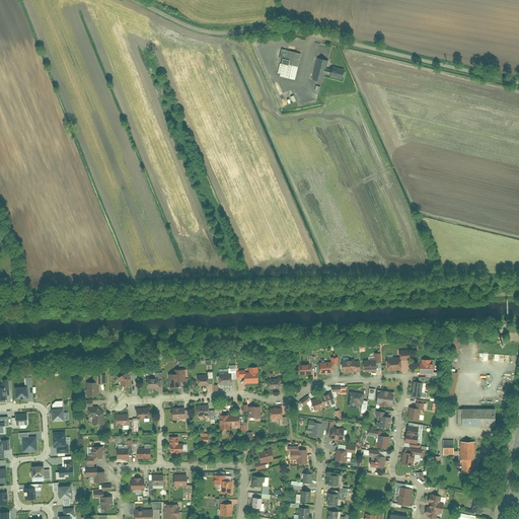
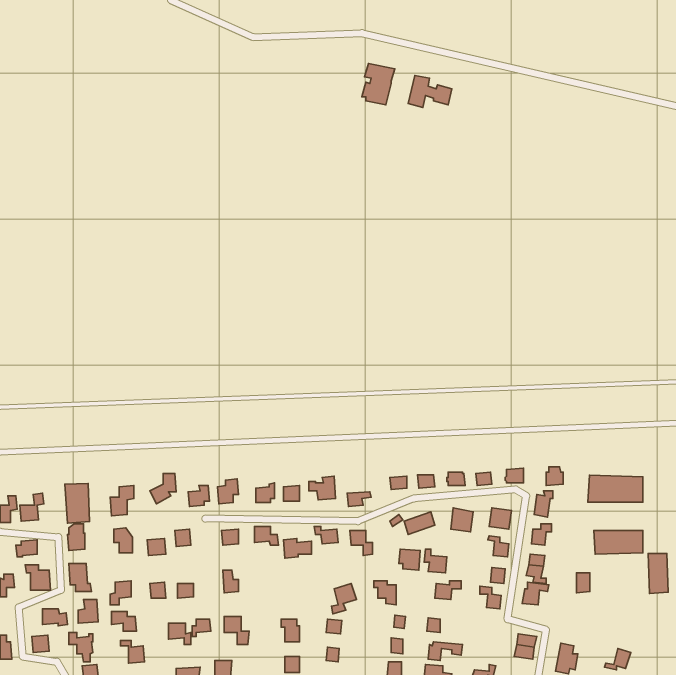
building: none -> [588,475,643,502]
building: none -> [65,483,90,523]
building: [459,441,474,471] -> [648,554,668,593]

